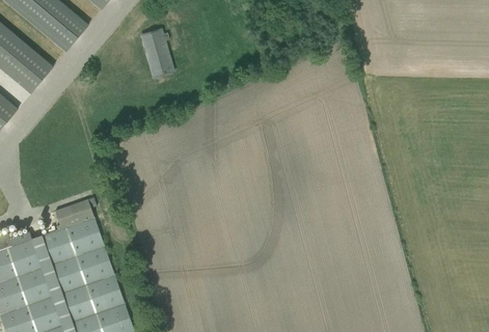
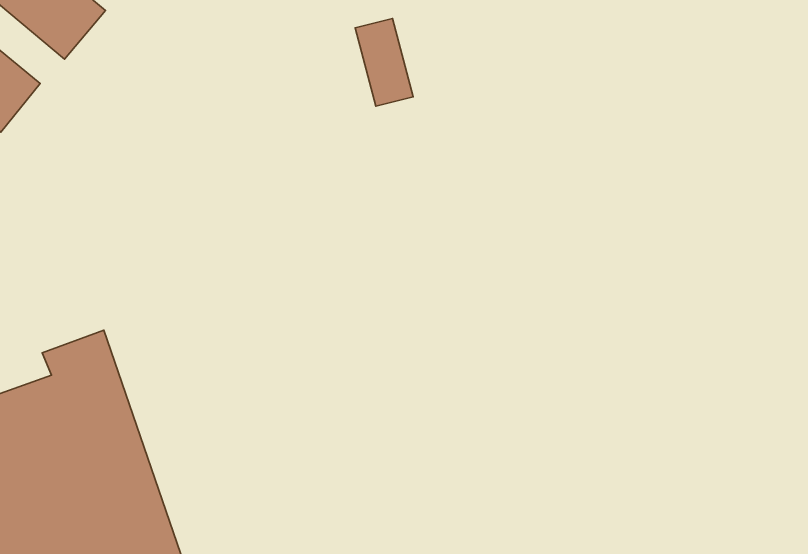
building: [139,27,171,76] -> [355,18,413,106]

